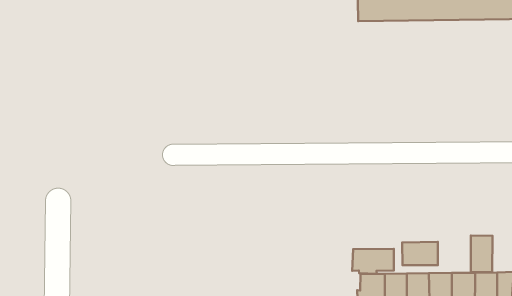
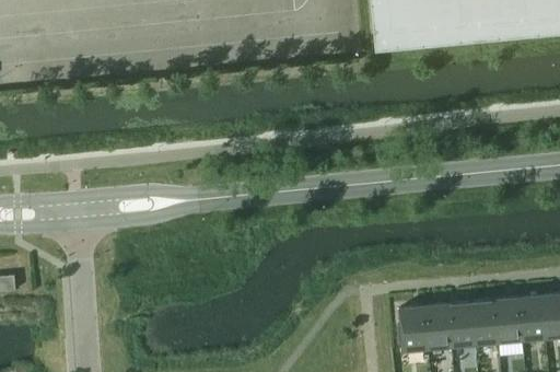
building: [471,235,492,272] -> none
building: [402,242,438,265] -> none
building: [352,249,394,274] -> none

